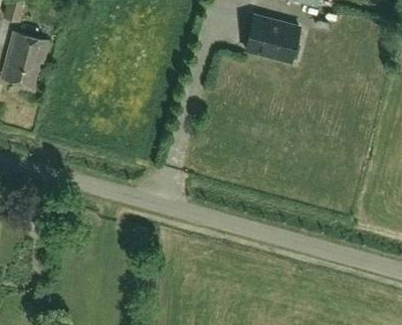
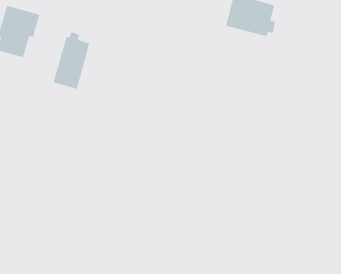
building: none -> [53,31,90,90]

